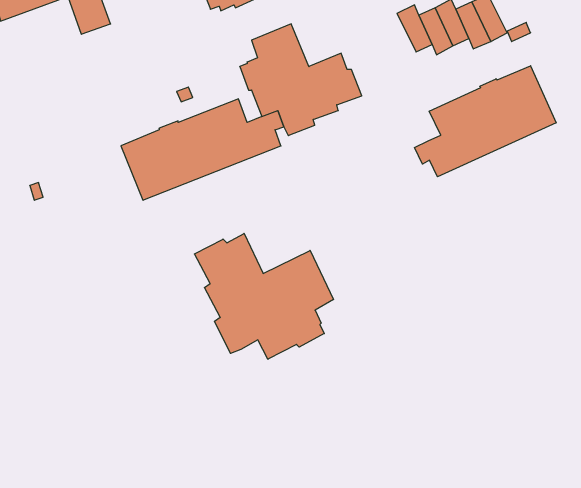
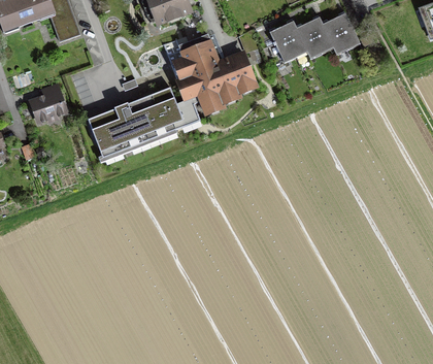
building: none -> [270,26,295,58]
building: [415,66,556,177] -> none
building: none -> [32,84,65,120]
building: [194,233,333,359] -> none

